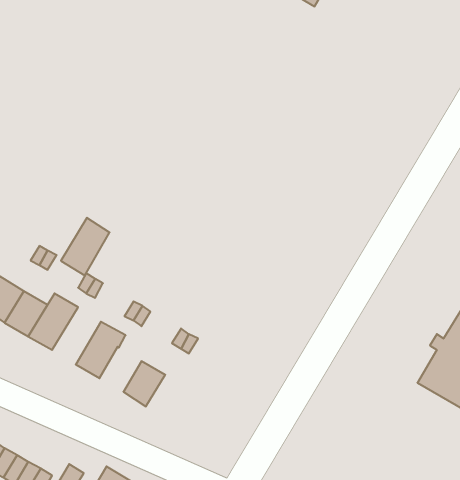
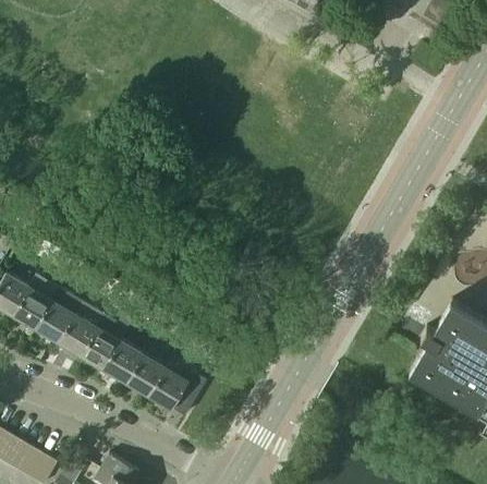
building: [61,218,110,275] -> [57,302,104,358]
building: none -> [102,340,143,384]
building: none -> [147,367,206,418]

